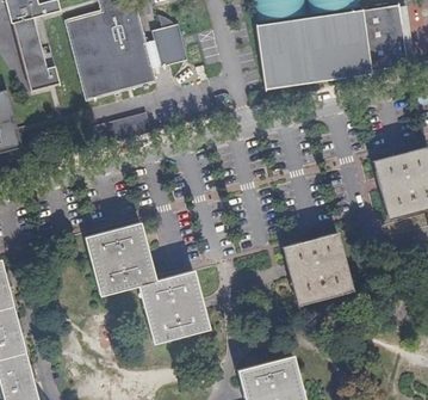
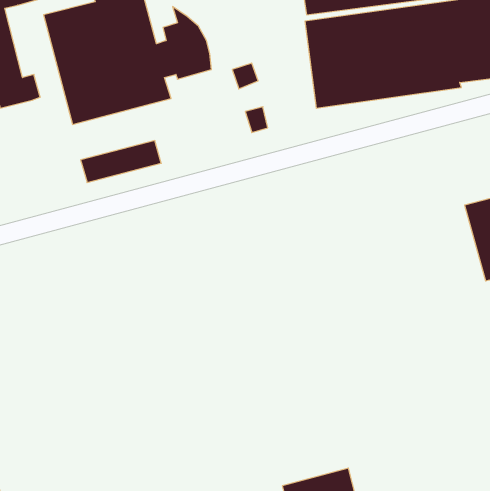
building: [89,224,206,339] -> none
building: [284,234,347,303] -> none

